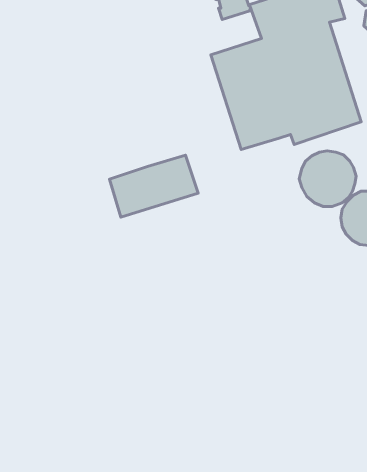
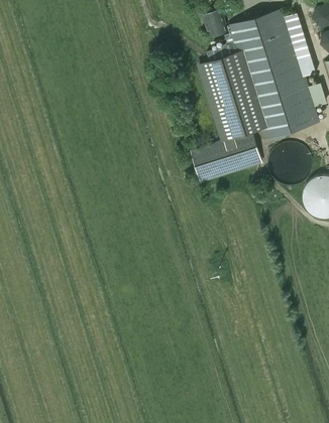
building: [110,155,198,217] -> [192,133,262,182]

